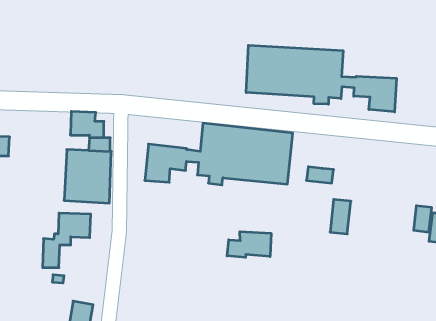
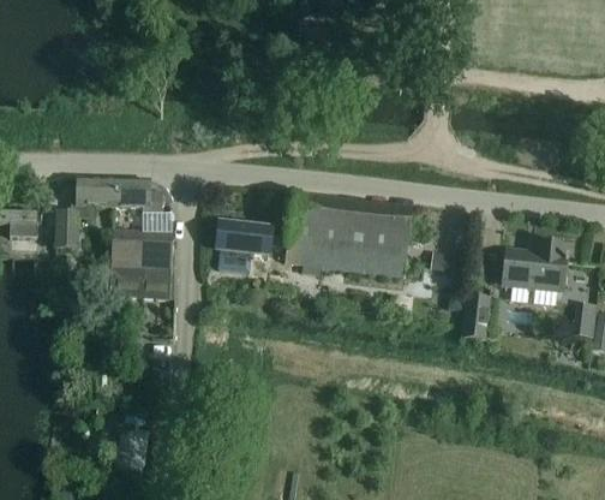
building: [246,45,396,112] -> none
building: none -> [502,242,568,293]
building: [43,213,91,268] -> [56,177,120,249]
building: [227,232,271,257] -> none

